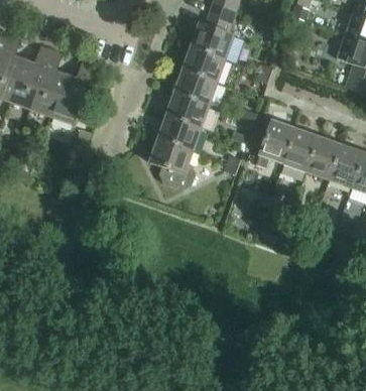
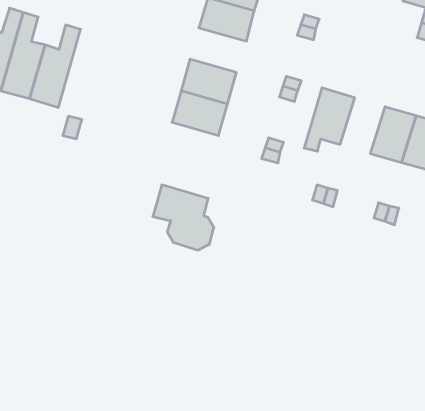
building: [173,69,217,104] -> none
building: [282,128,318,170] -> none
building: [149,138,195,188] -> [153,185,214,250]

